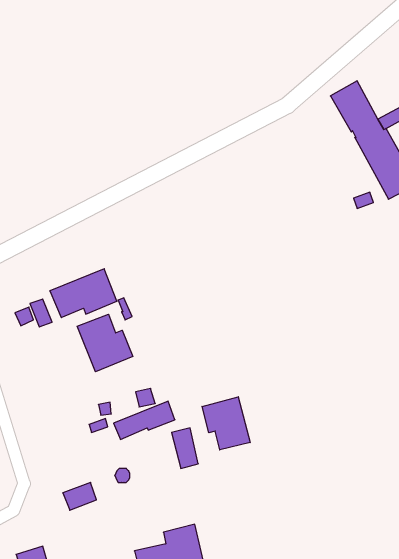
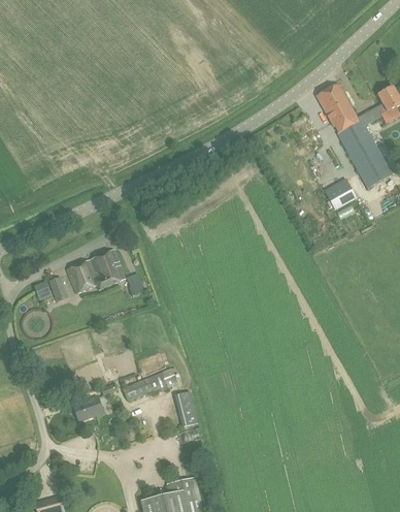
building: [77,314,133,372] -> none
building: [202,397,250,450] -> none
building: [63,482,96,510] -> [73,396,103,421]

